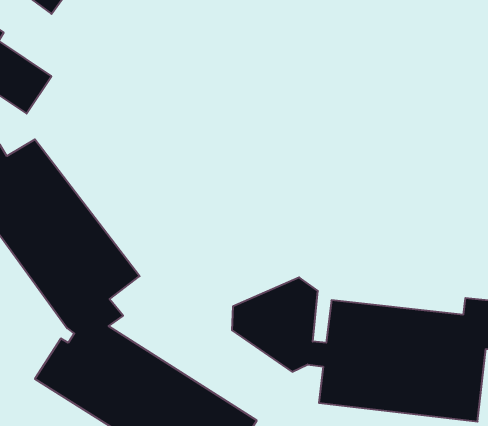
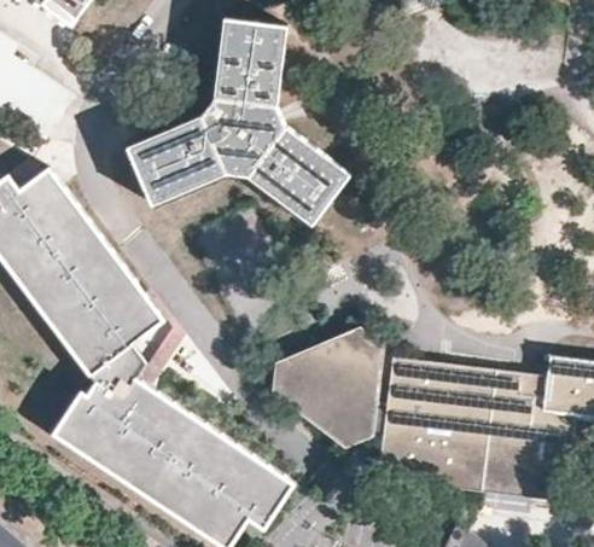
building: none -> [128,16,351,222]

